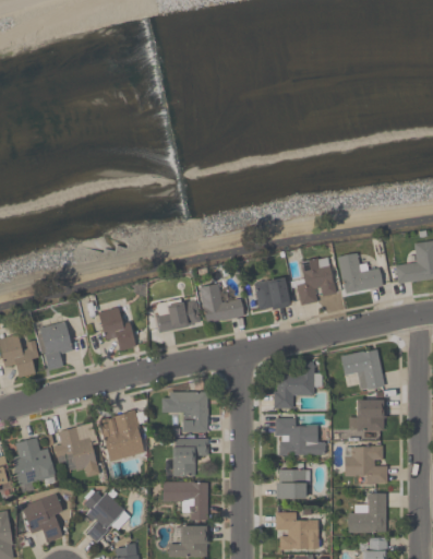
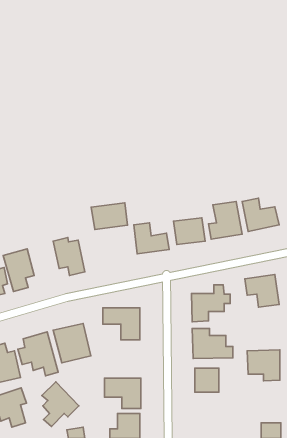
building: [154,298,200,332] -> [91,203,127,229]
building: [351,400,384,431] -> none
building: [172,438,207,476] -> none
building: [348,493,386,533] -> none
building: [276,512,318,550] -> none

